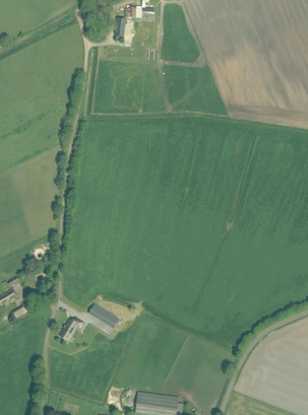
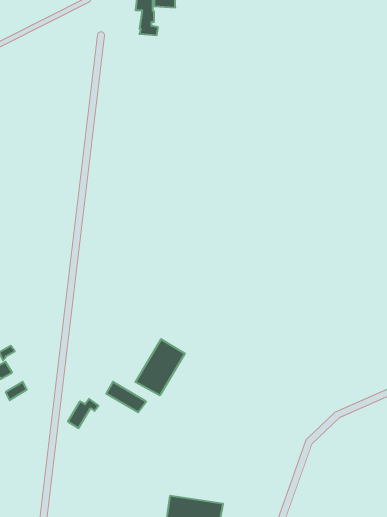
building: none -> [135,339,185,395]

